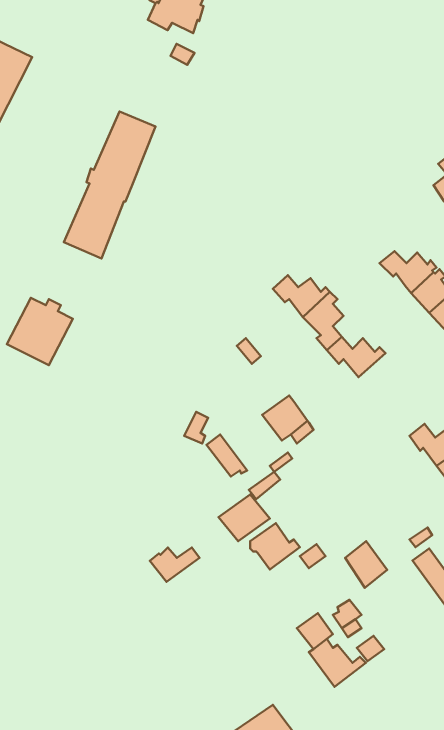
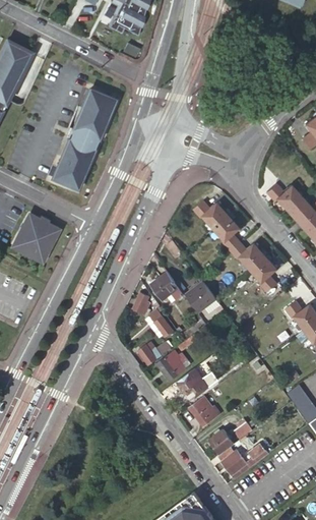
building: none -> [251,253,277,293]
building: none -> [151,272,184,303]
building: [345,541,387,588] -> [190,396,218,427]
building: [150,547,199,582] -> [138,342,172,365]

